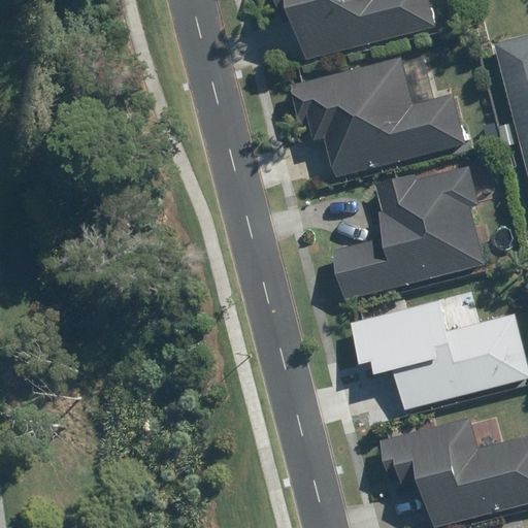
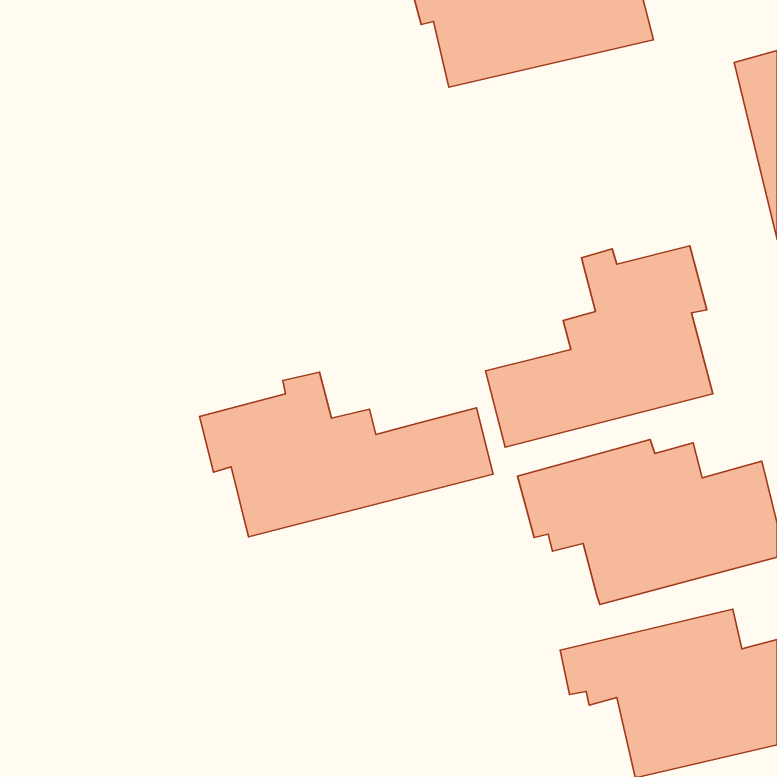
building: [286,60,467,178] -> none
building: none -> [200,372,493,537]

